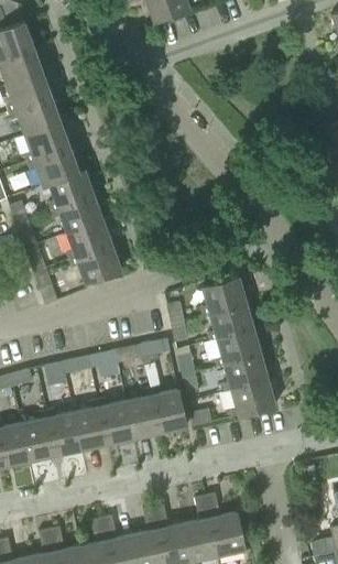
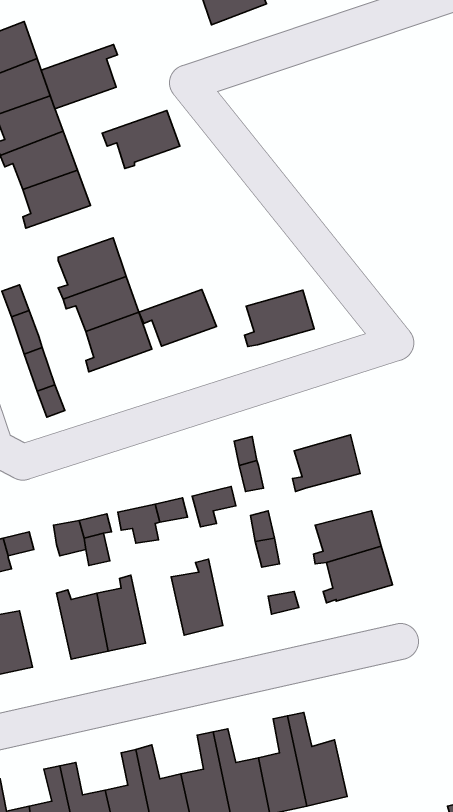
building: none -> [41,44,117,109]
building: [26,147,79,186] -> [102,111,180,169]
building: [69,245,122,283] -> [139,290,217,346]
building: [200,276,248,315] -> [245,290,314,347]
building: [215,329,262,367] -> none
building: [151,387,187,433] -> none
building: [98,398,134,445] -> none
building: [22,411,57,462] -> none

